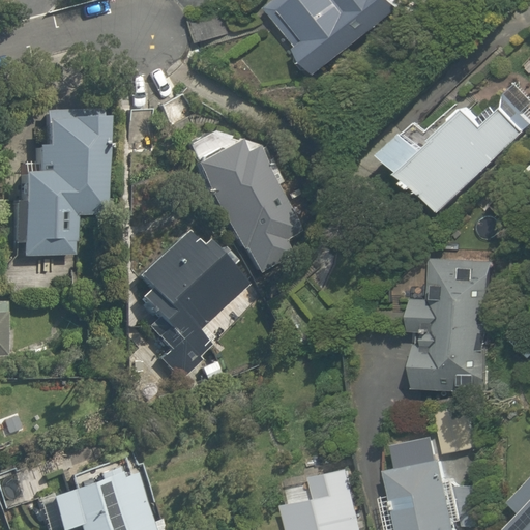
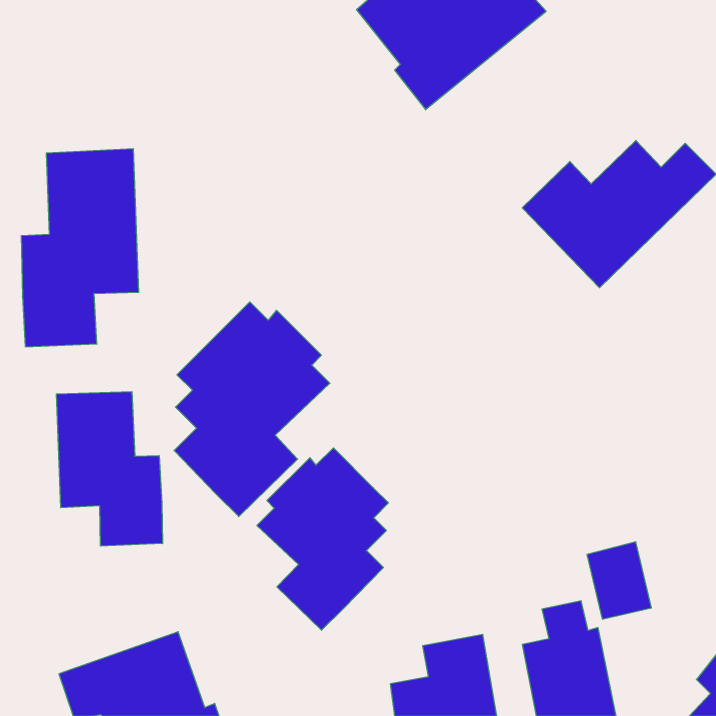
building: [178,118,302,269] -> none
building: [411,256,489,394] -> none
building: none -> [56,392,163,546]
building: none -> [257,448,388,630]

